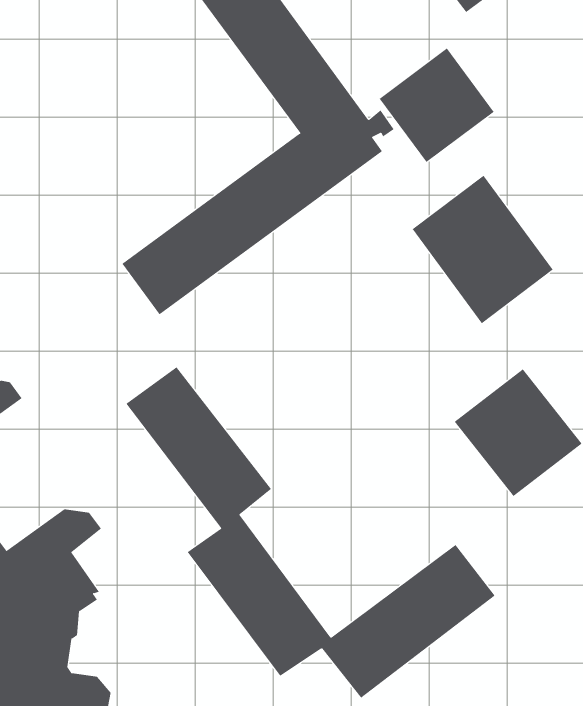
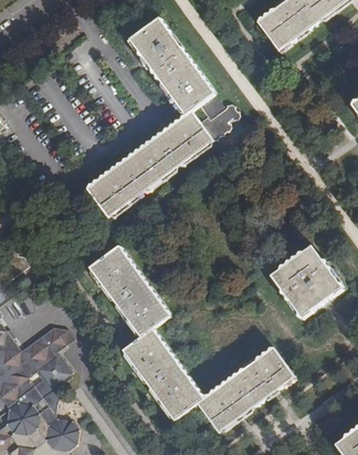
building: [379,48,494,163] -> none
building: [412,175,554,324] -> none

